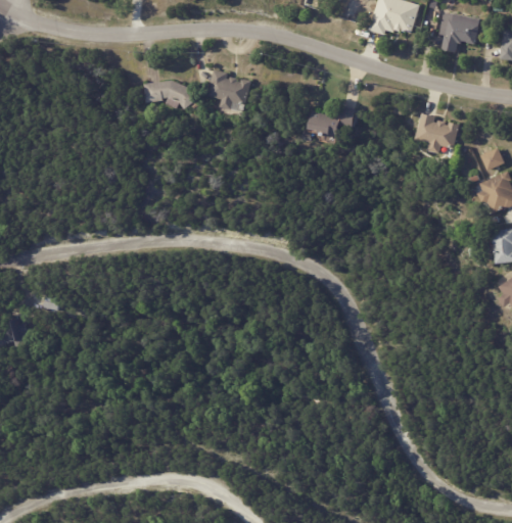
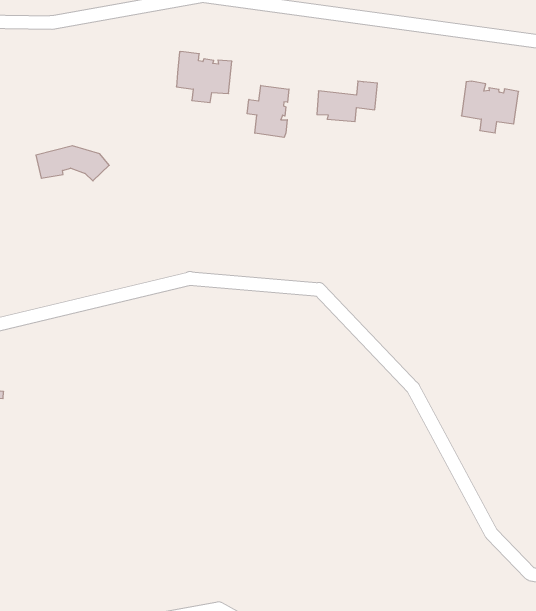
building: [143,80,196,107] -> [36,146,109,181]
building: none -> [247,85,289,137]

